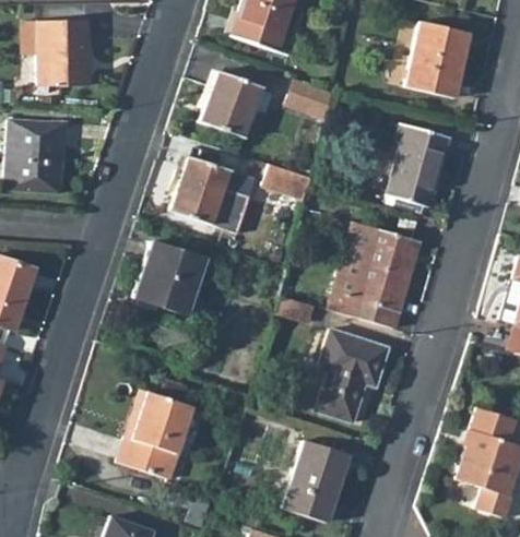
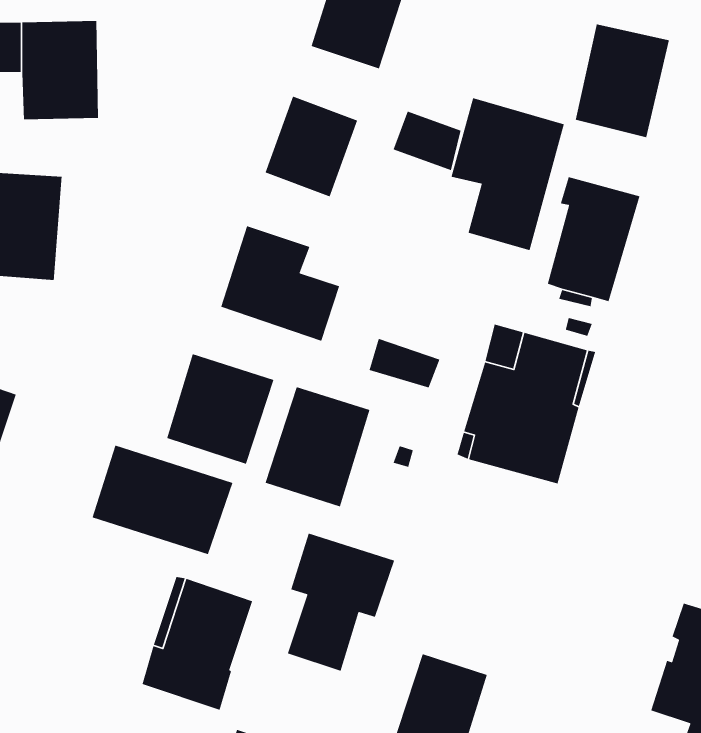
building: none -> [451,97,565,251]
building: [262,164,310,198] -> [368,338,441,389]
building: none -> [265,386,370,507]
building: none -> [92,444,234,555]
building: [317,330,389,422] -> [287,532,395,672]

